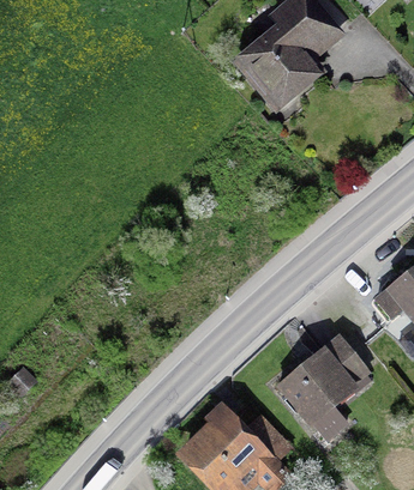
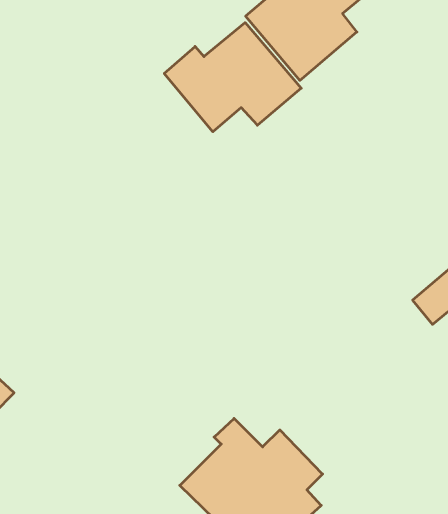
building: none -> [164,23,301,132]
building: [276,332,373,440] -> none

